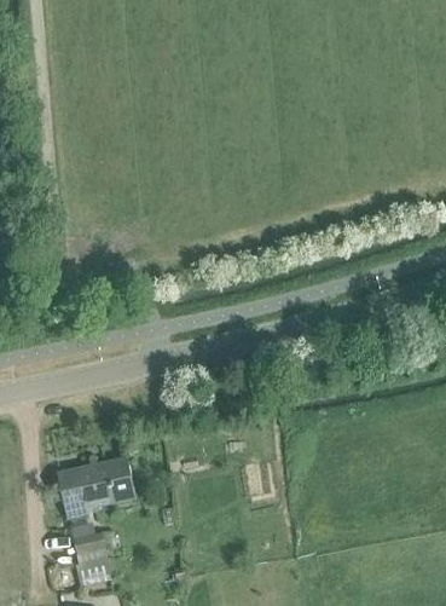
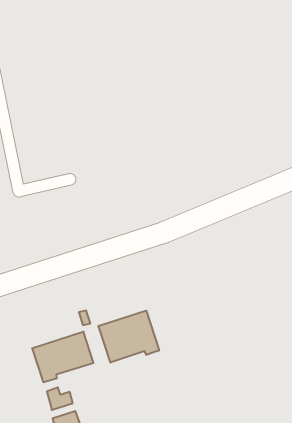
building: none -> [98,311,159,363]

